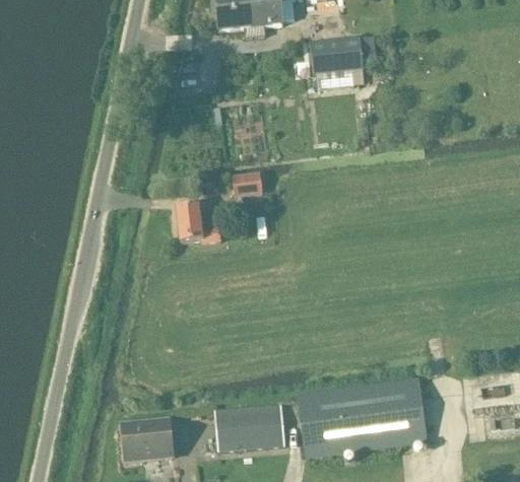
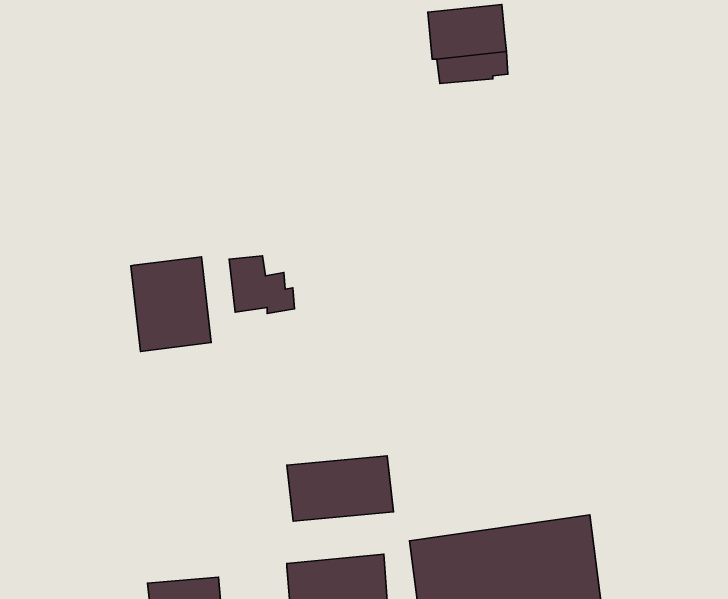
building: [233,171,270,196] -> none
building: none -> [131,257,211,351]
building: none -> [287,456,394,521]

